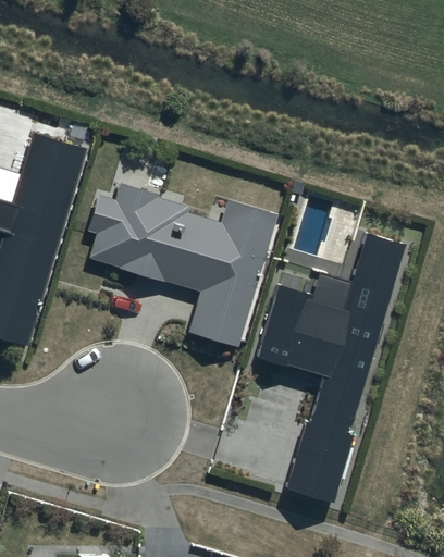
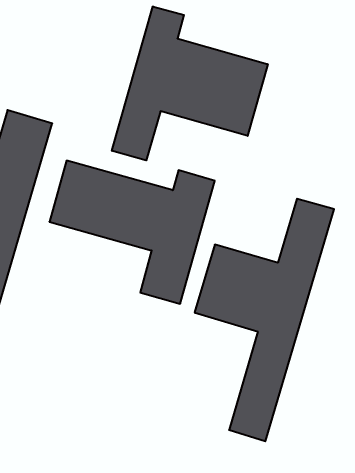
building: none -> [112,6,268,160]

